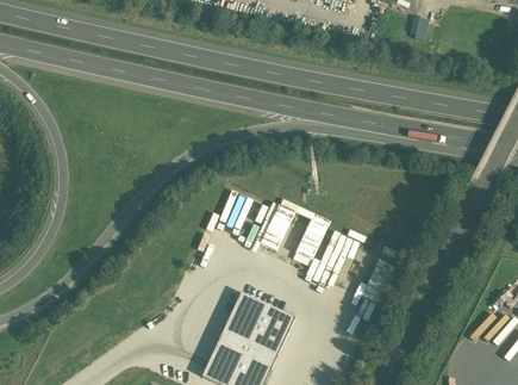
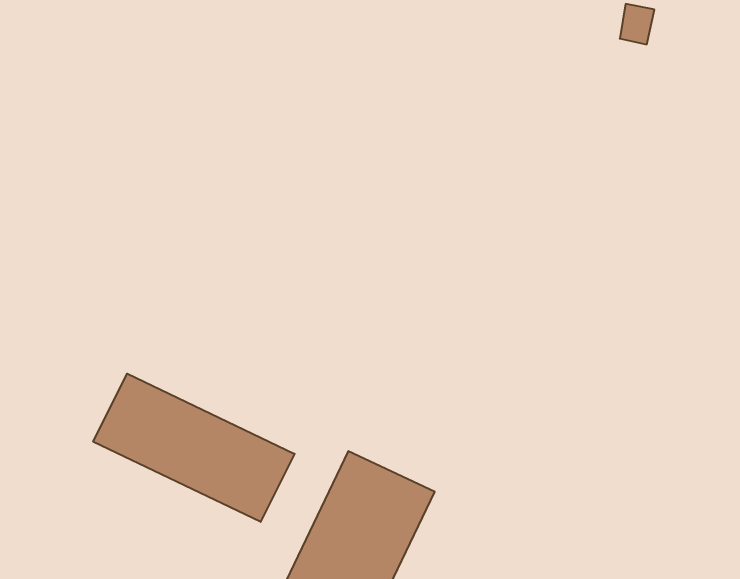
building: none -> [93,374,295,522]

